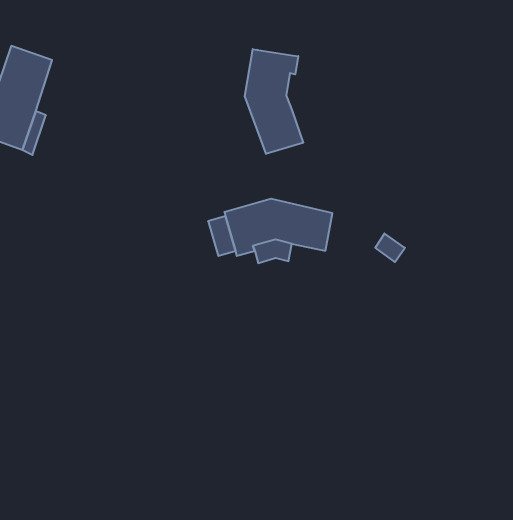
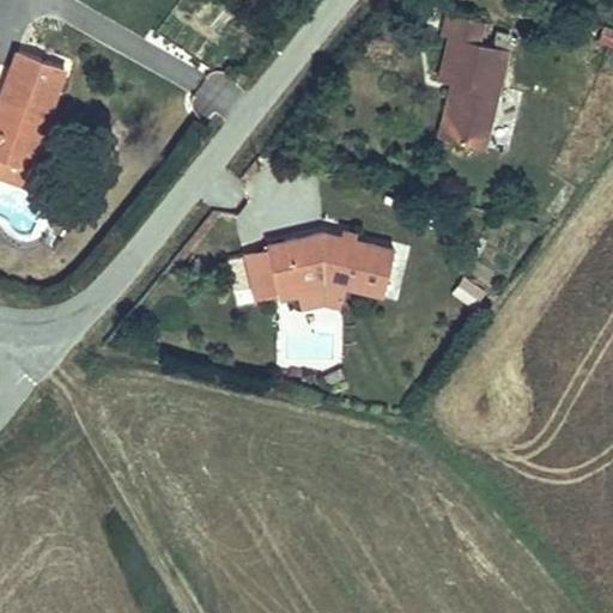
building: none -> [431,8,510,150]
building: [245,49,303,154] -> none

